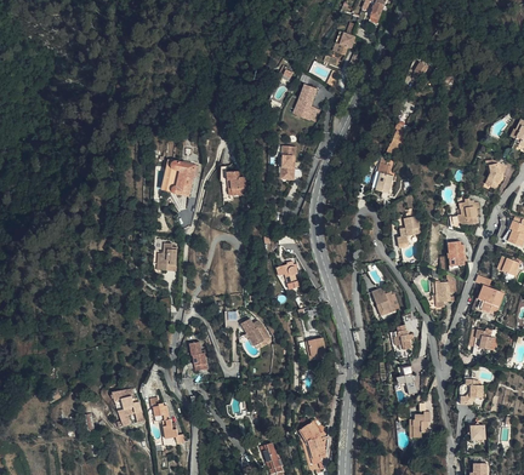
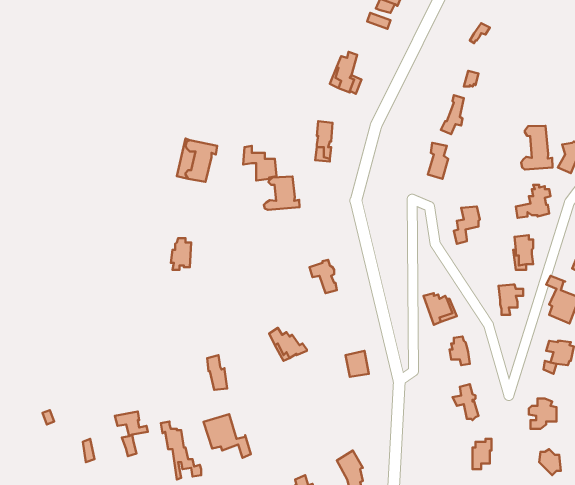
building: none -> [521,126,552,170]
building: none -> [264,177,299,210]
building: none -> [203,414,251,458]

